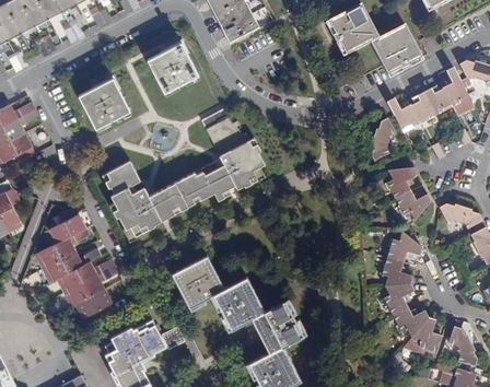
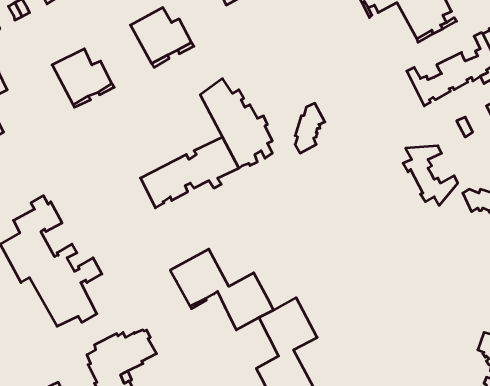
building: [366,115,393,159] -> [295,103,325,153]
building: [107,159,164,243] -> none
building: [378,228,444,351] -> none

